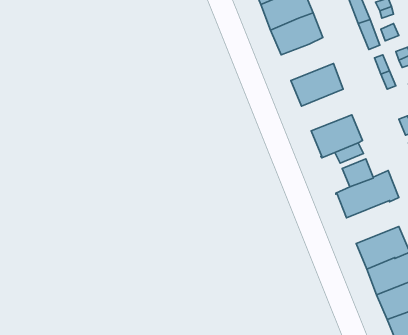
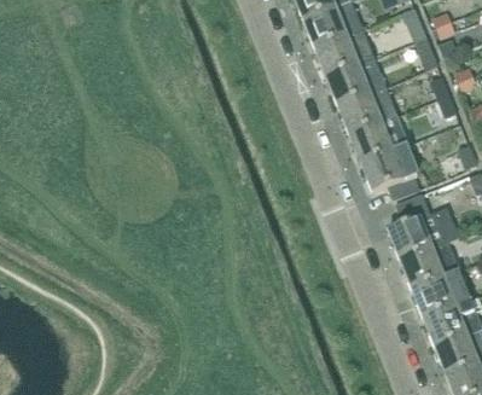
building: none -> [327,58,387,106]
building: none -> [350,116,410,163]
building: none -> [401,242,460,290]

